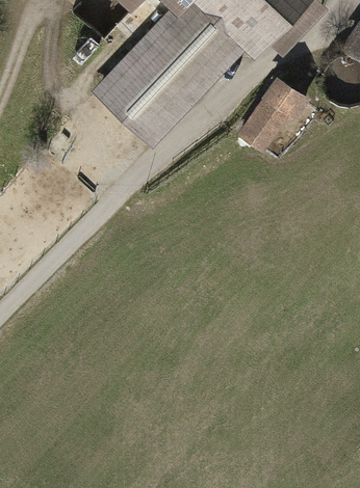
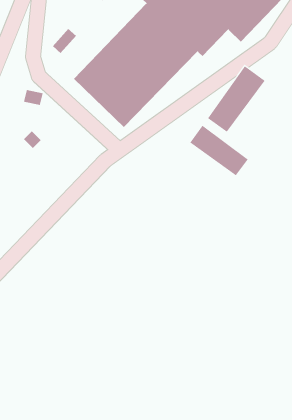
building: none -> [190,125,248,176]

